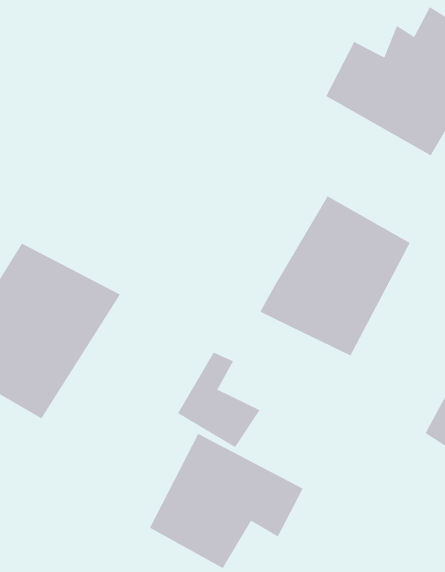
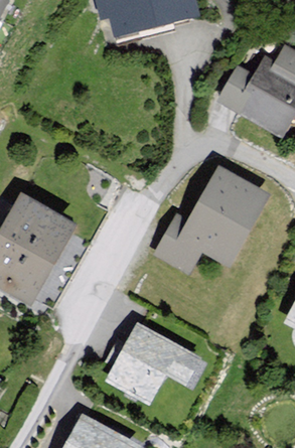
building: [177,352,261,448] -> [149,214,202,276]

